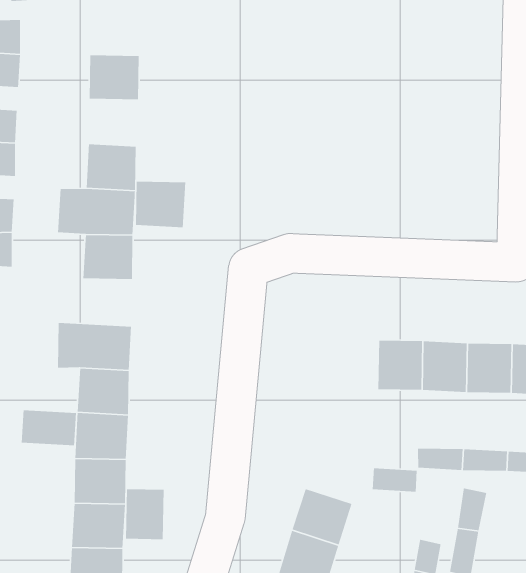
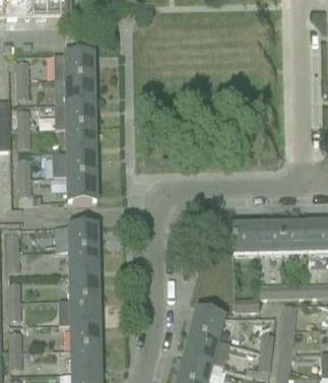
building: none -> [66,52,93,77]
building: [135,181,186,228] -> [67,101,94,126]
building: [21,409,77,446] -> none
building: [125,488,165,540] -> none

